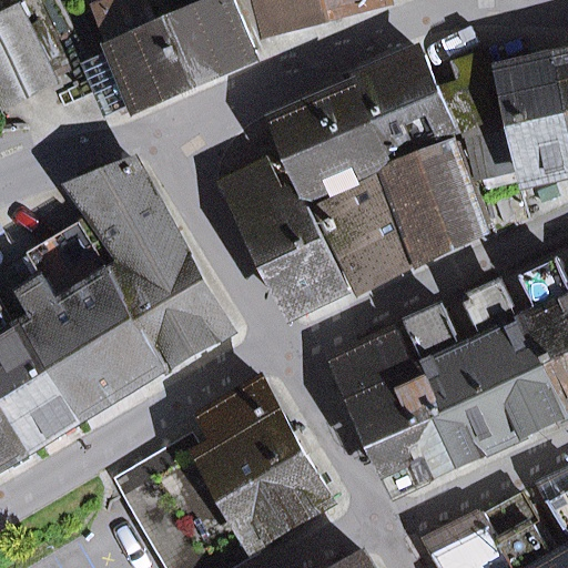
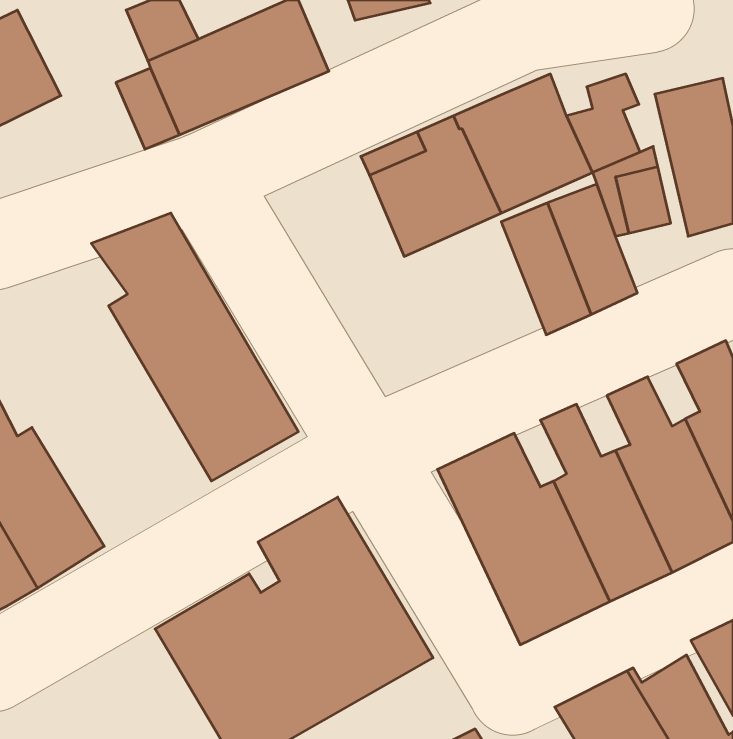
building: [223,161,347,317] -> none
building: [316,174,418,288] -> none
building: [20,225,162,419] -> none

